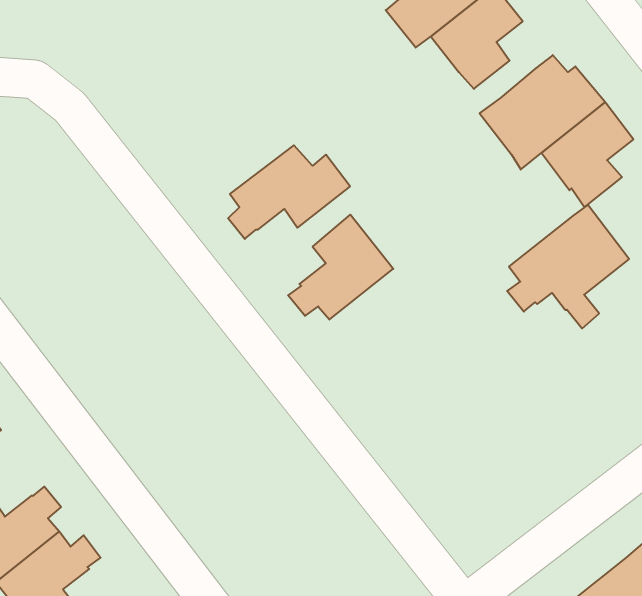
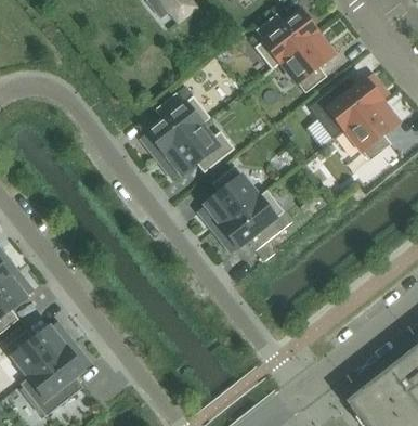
building: none -> [141,94,210,154]
building: [507,205,629,328] -> [221,191,291,262]

